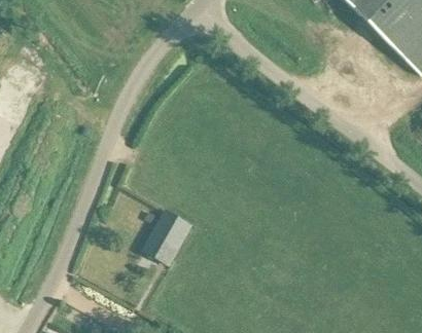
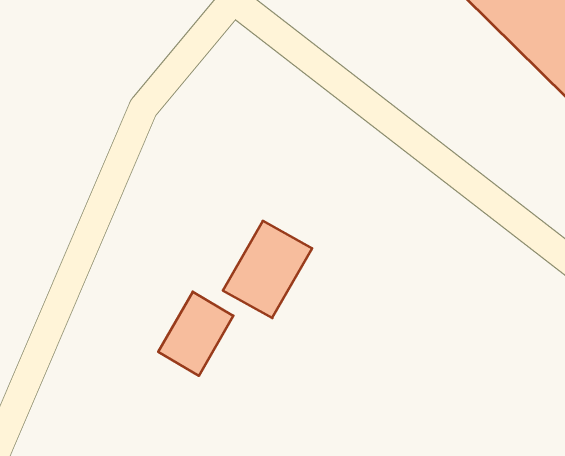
building: none -> [223,221,312,318]

